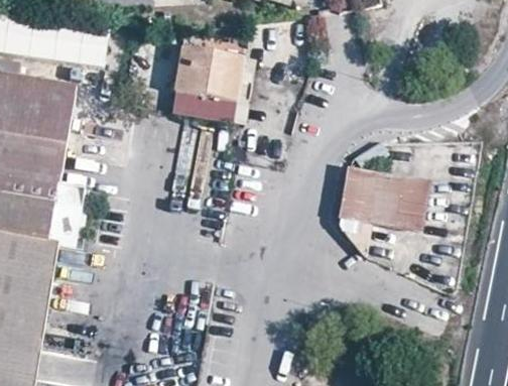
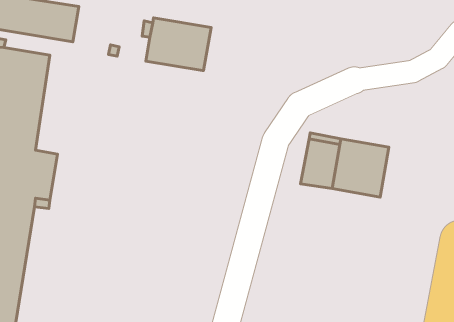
building: [171,90,234,120] -> none

